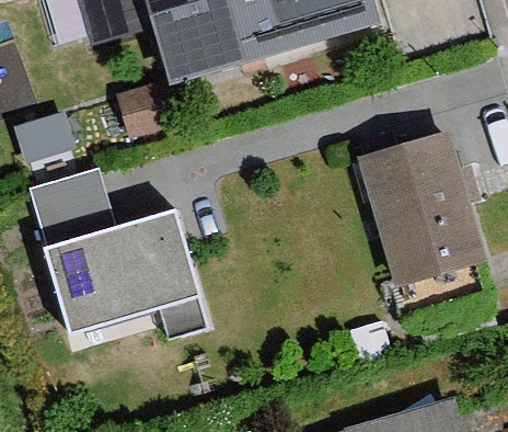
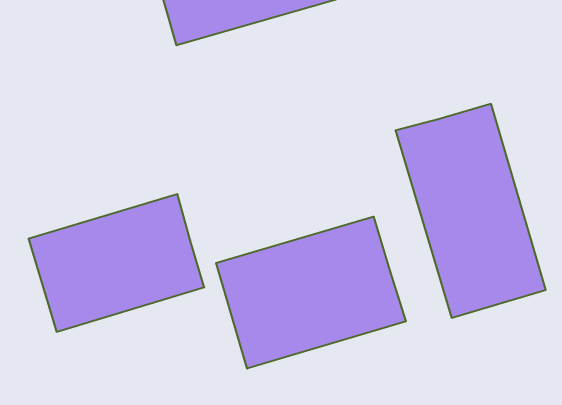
building: [27,160,117,235] -> none
building: none -> [216,217,406,369]

